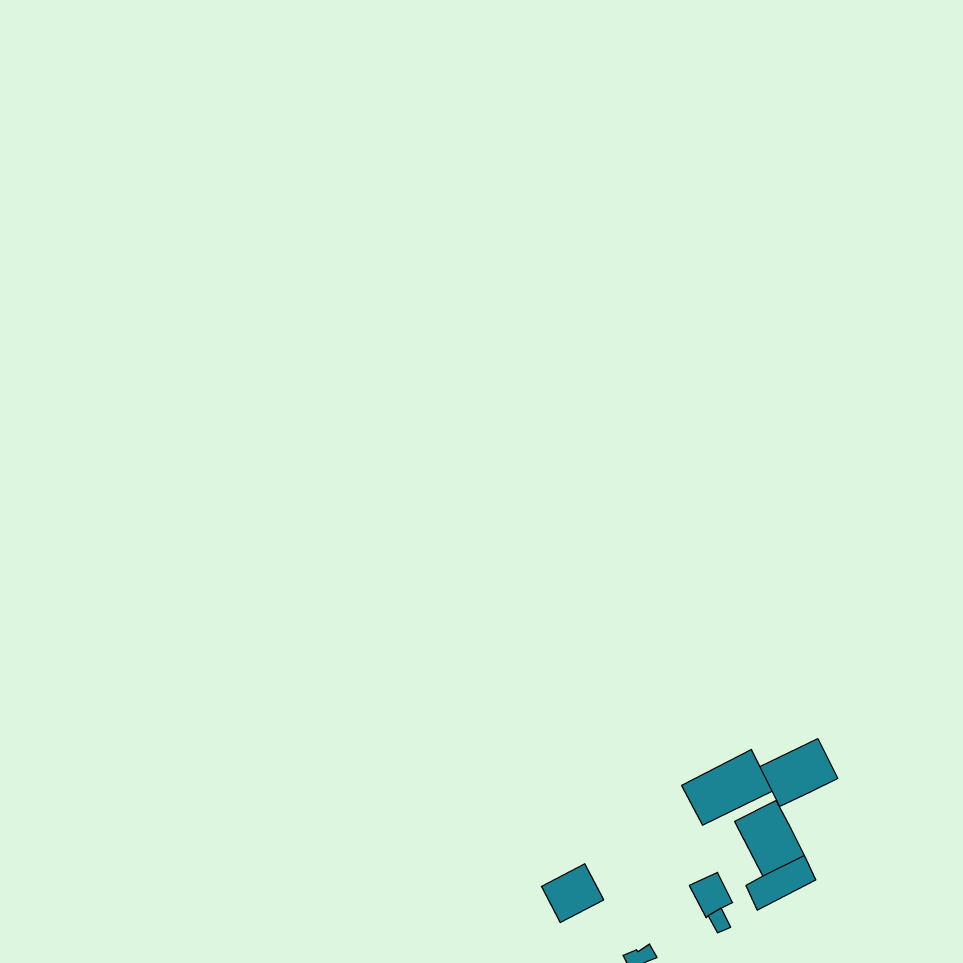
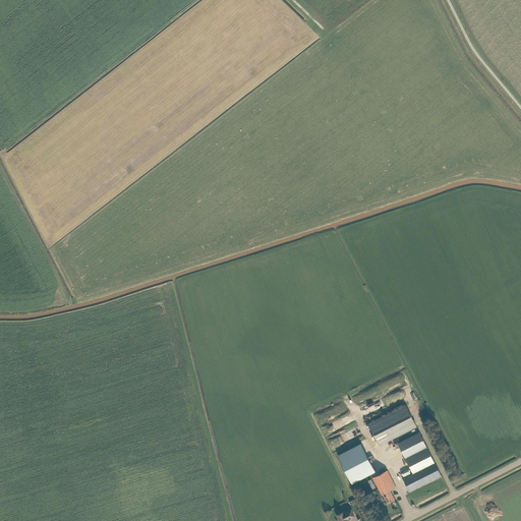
building: [760,739,838,806] -> none
building: [541,864,604,922] -> [341,453,374,484]

